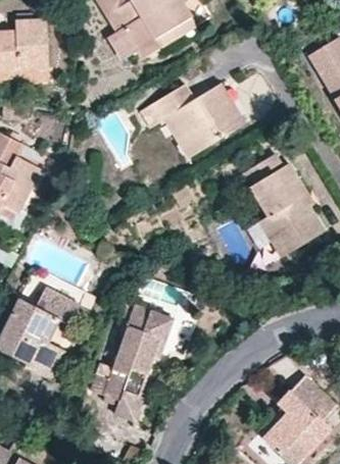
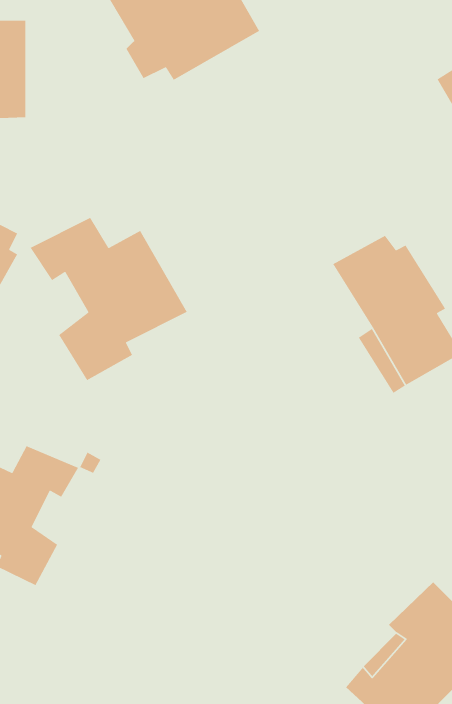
building: [140,83,243,155] -> none
building: none -> [29,217,188,381]
building: [90,304,174,420] -> none

